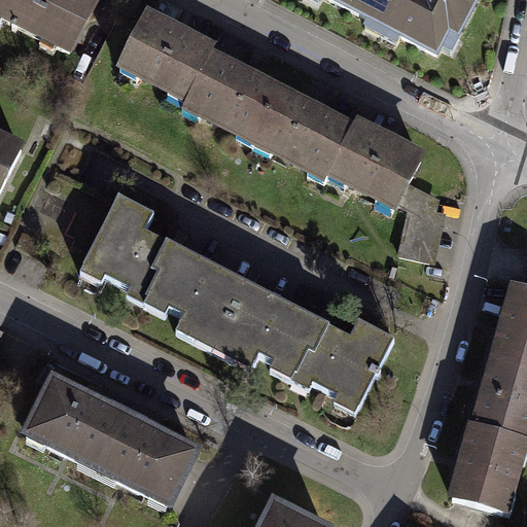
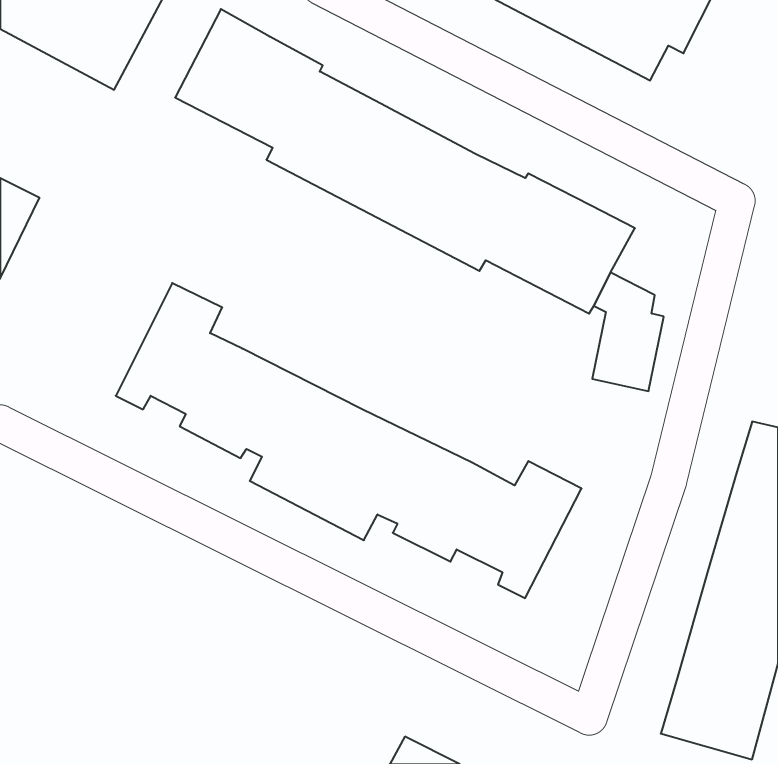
building: [24,375,200,503] -> none

